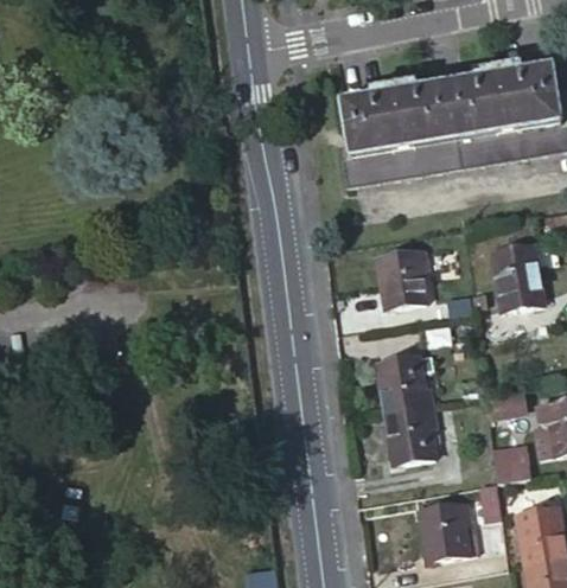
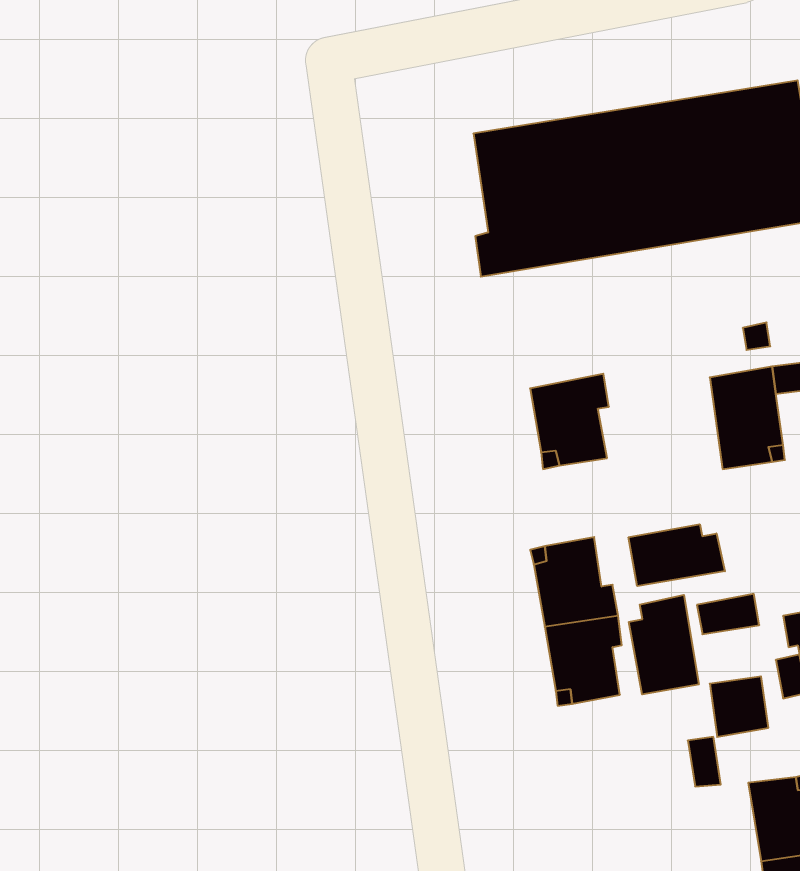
building: none -> [629,524,725,586]
building: none -> [629,595,699,694]
building: [421,504,478,562] -> none

